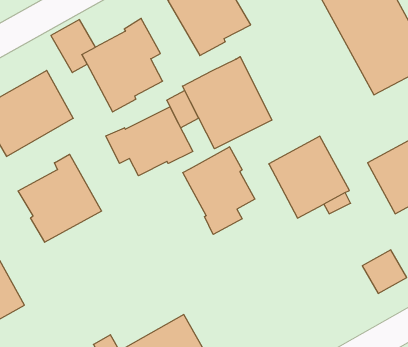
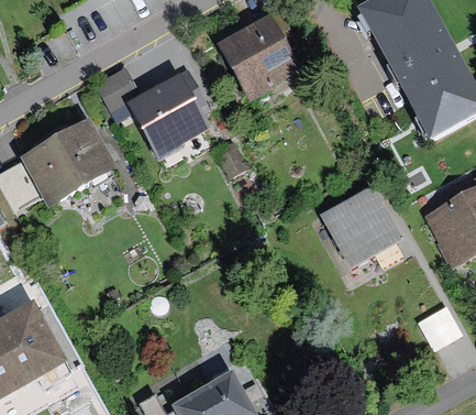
building: [182,57,272,149] -> none
building: [106,107,193,176] -> none
building: [183,147,255,234] -> none
building: [18,154,102,242] -> none

